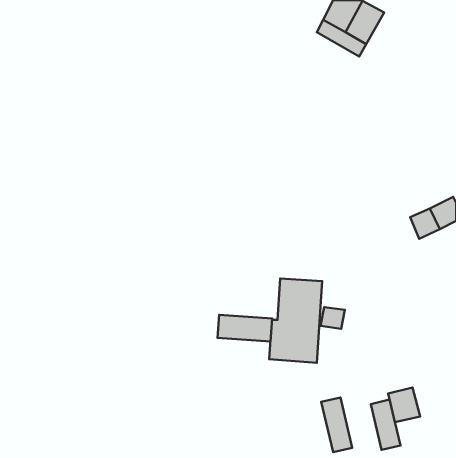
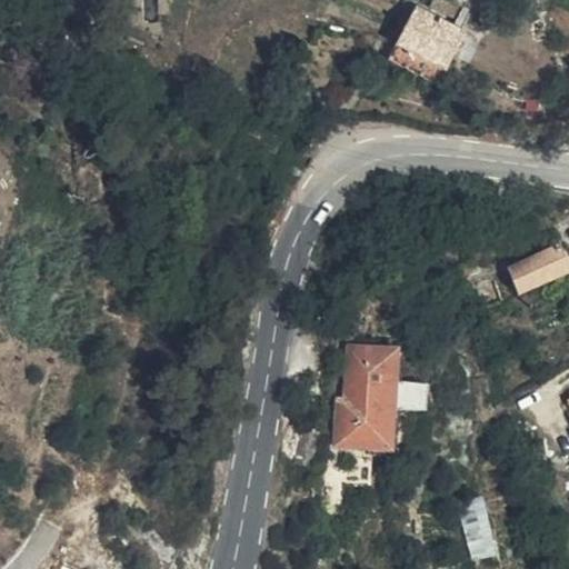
building: [218,315,272,341] -> none
building: [388,387,420,422] -> none
building: [321,397,352,452] -> none

